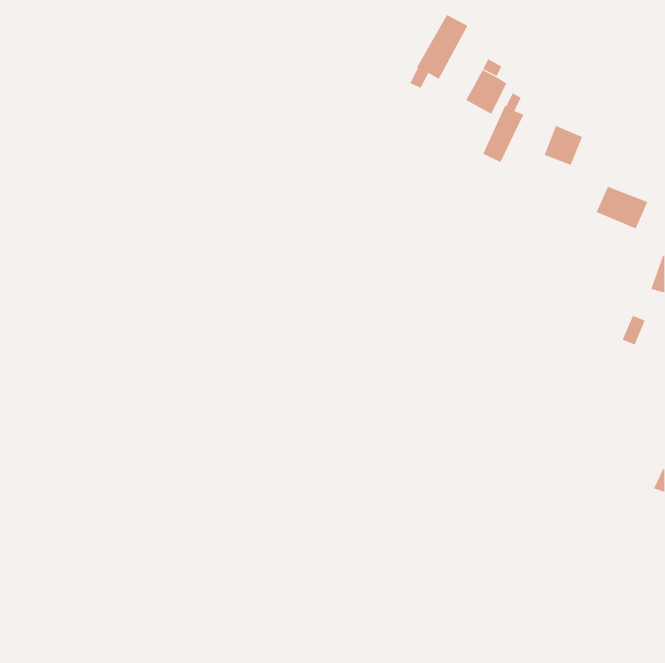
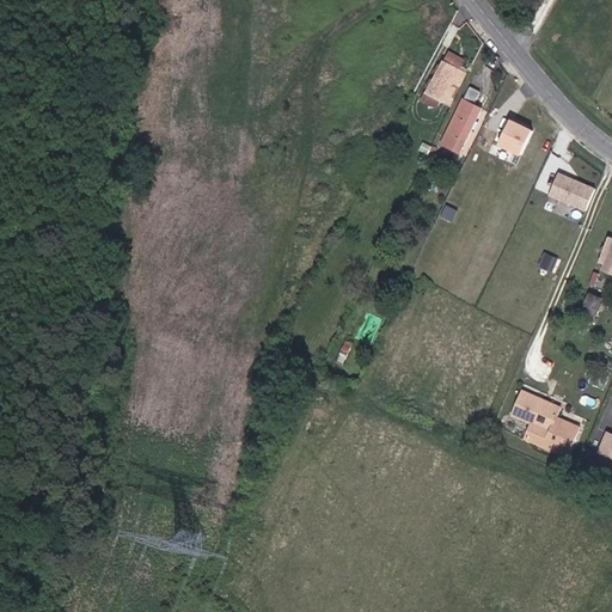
building: [409,14,468,89] -> none
building: none -> [512,391,579,455]

